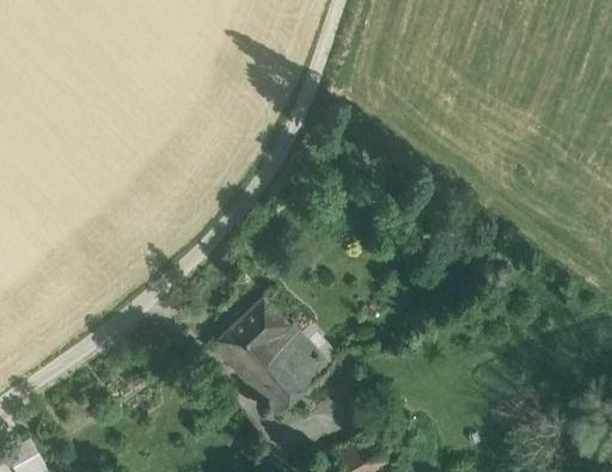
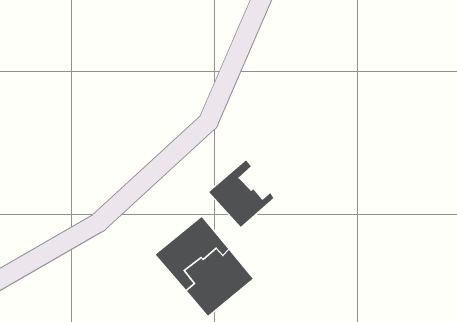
building: none -> [208,159,275,228]

